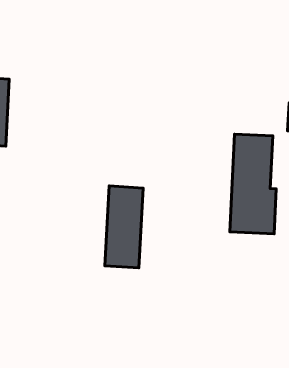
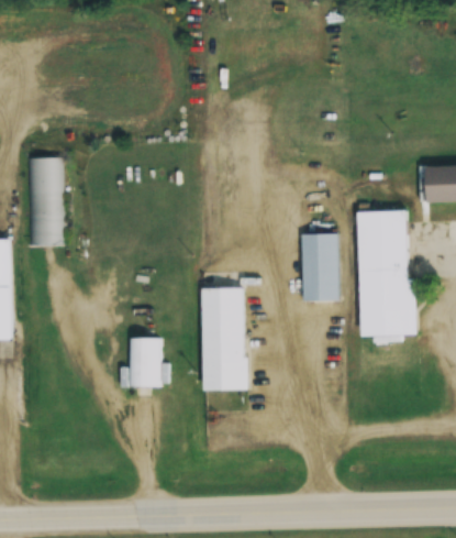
building: none -> [303,232,340,300]
building: none -> [129,338,162,395]

